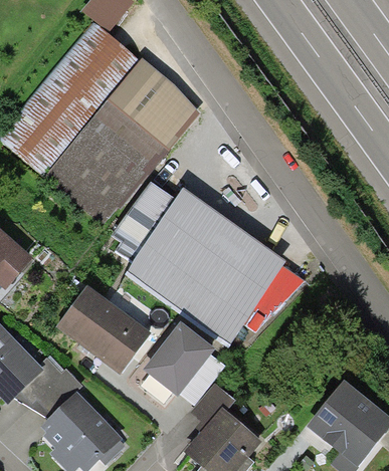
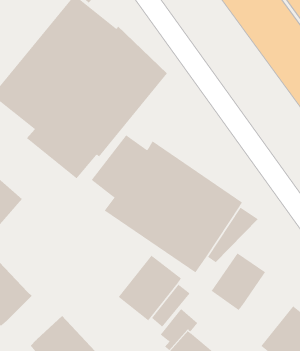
building: [56,284,151,373] -> none
building: none -> [211,253,266,311]
building: [14,356,83,418] -> none

